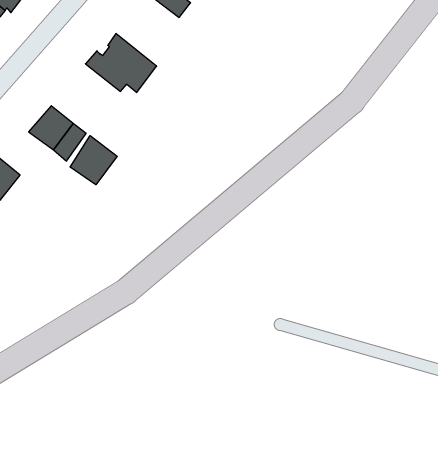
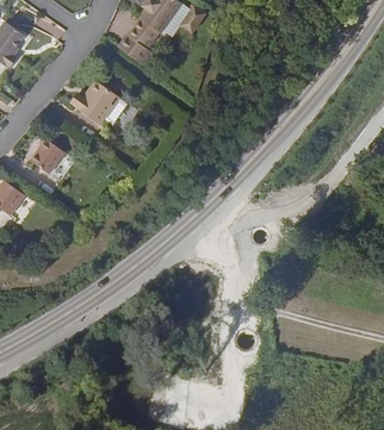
building: [70,136,117,185] -> none

